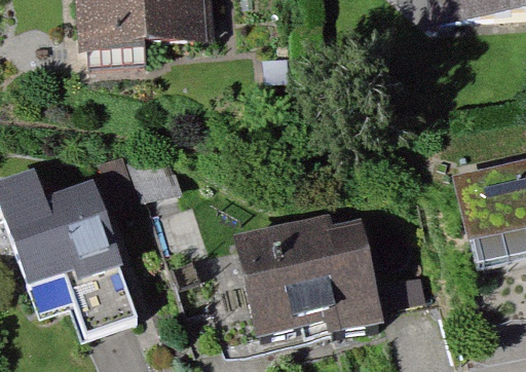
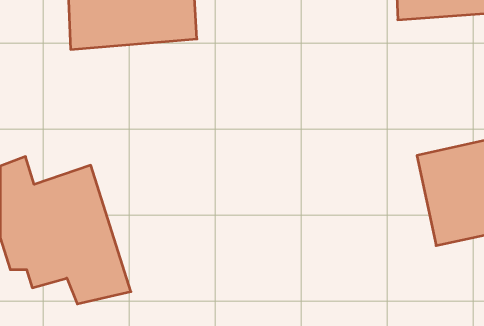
building: [234,226,382,346] -> none

